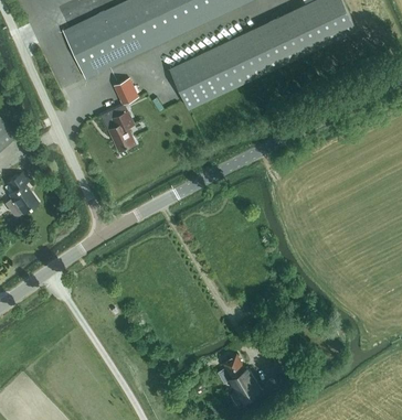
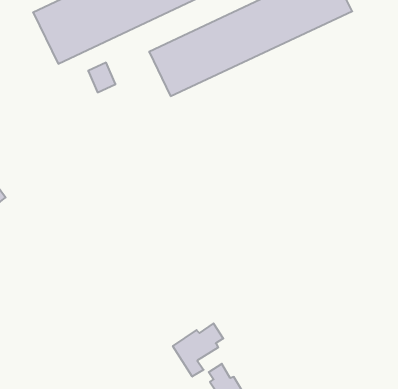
building: [109,111,134,150] -> none
building: none -> [173,323,223,377]

